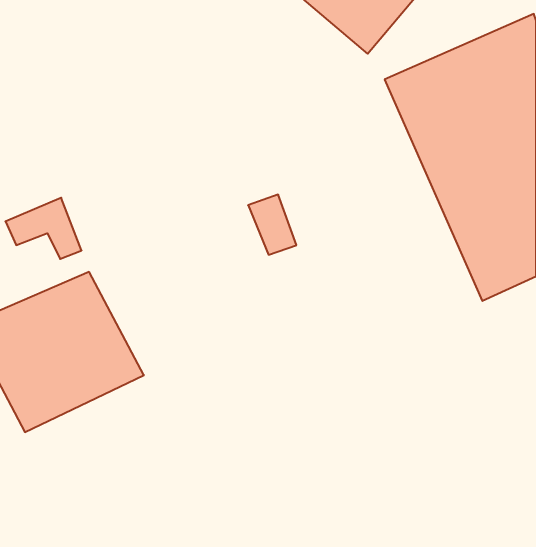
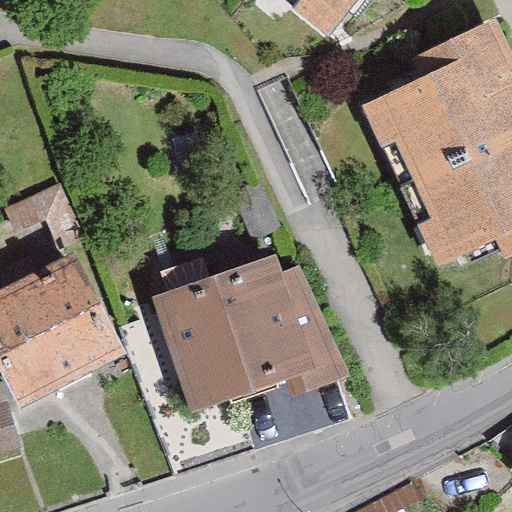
building: none -> [158,253,334,415]

